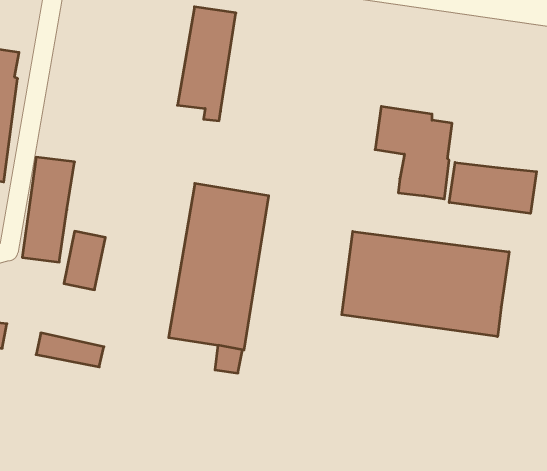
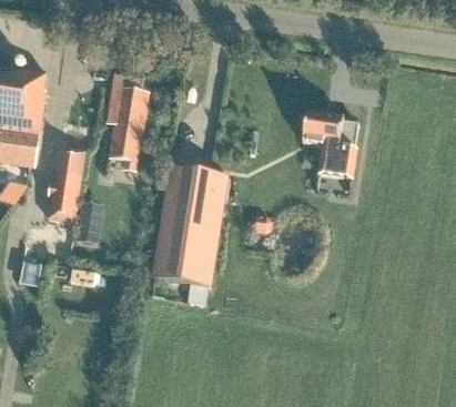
building: [177,7,236,121] -> [109,87,151,169]
building: [449,162,537,213] -> none
building: [342,231,509,337] -> none

